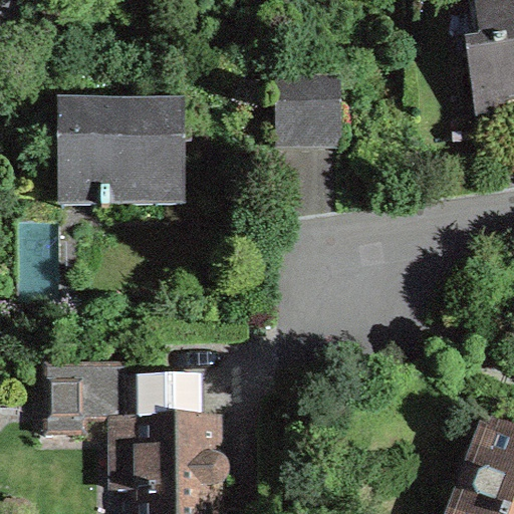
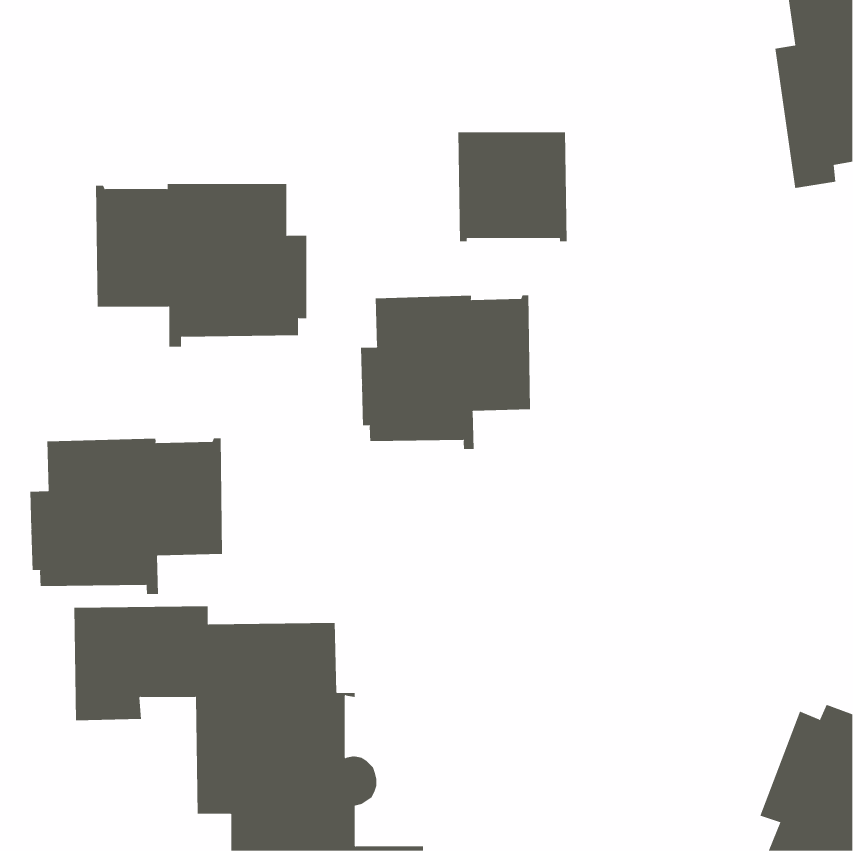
building: none -> [361,295,531,450]
building: none -> [30,438,223,595]

